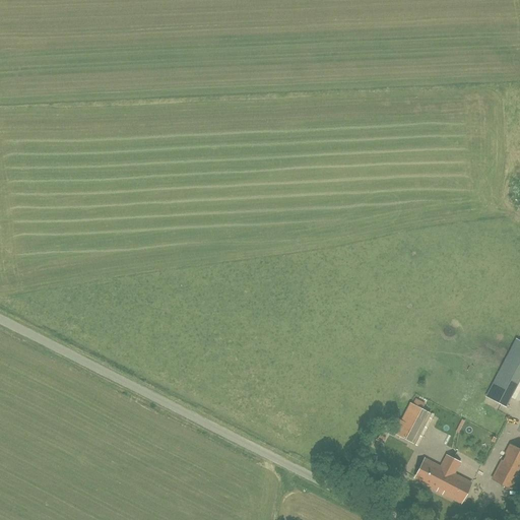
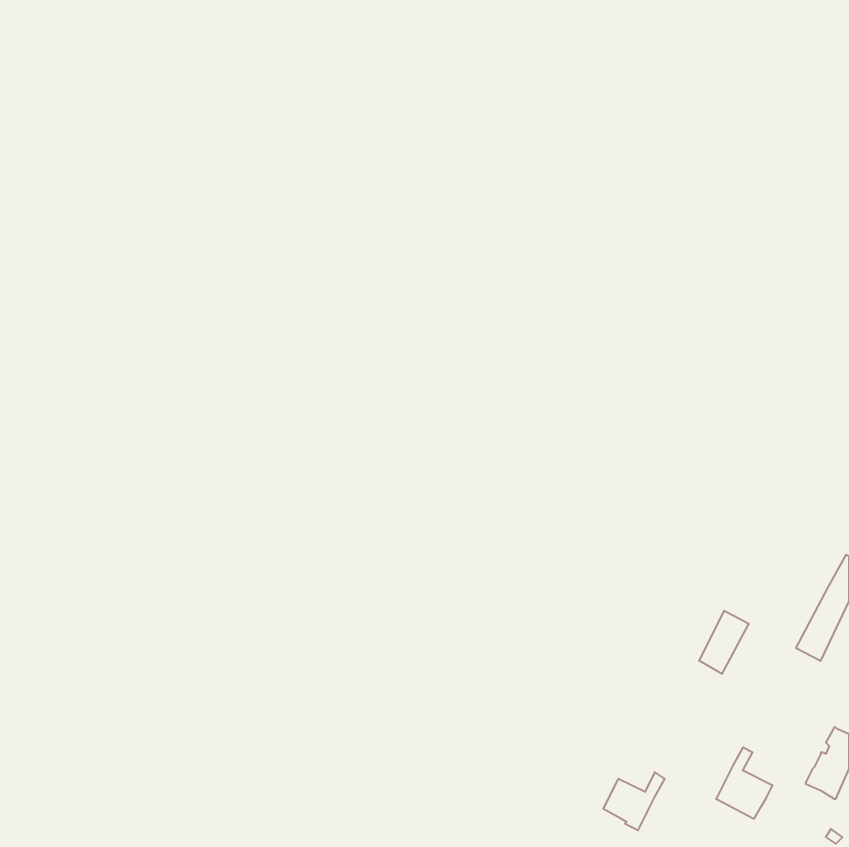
building: [395,402,426,441] -> [699,611,749,674]
building: [416,453,454,489] -> [603,772,665,830]

